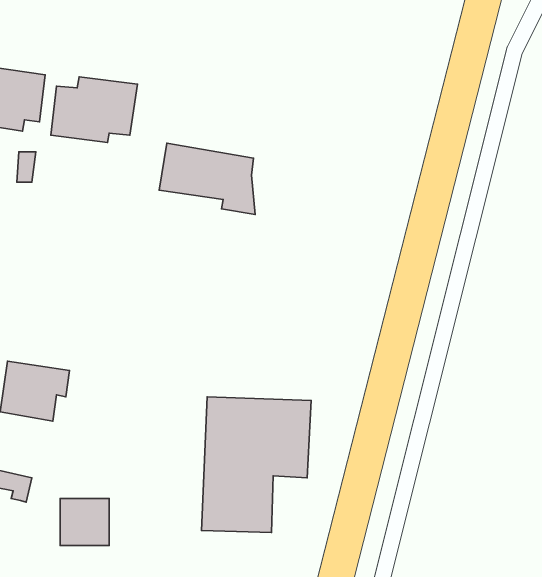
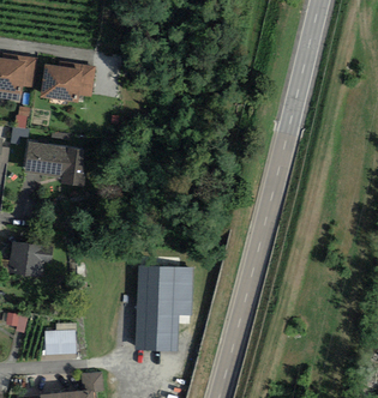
building: [159,143,255,215] -> [23,139,84,185]

